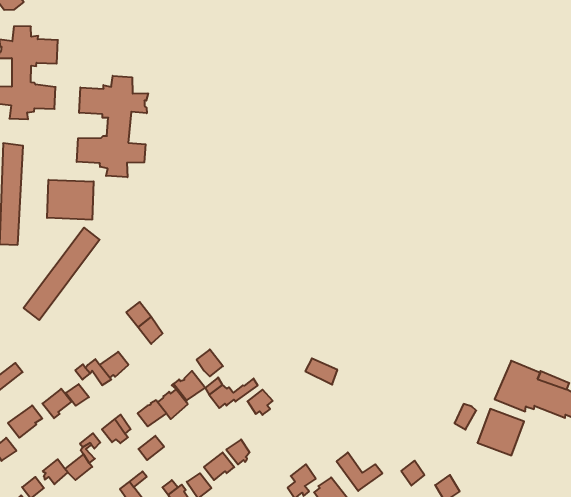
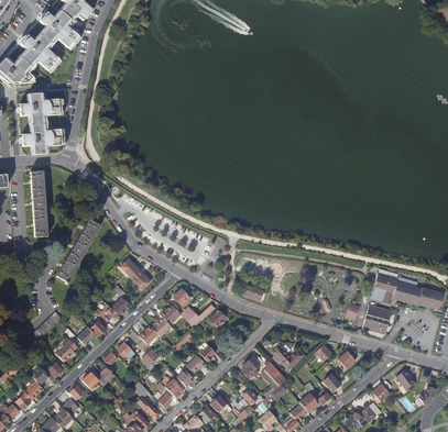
building: [77,76,148,177] -> none
building: [47,180,94,220] -> none

